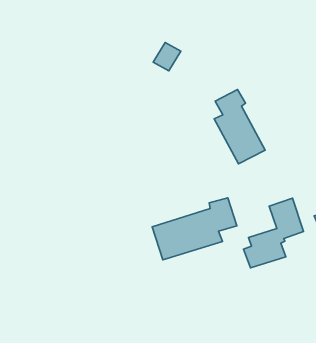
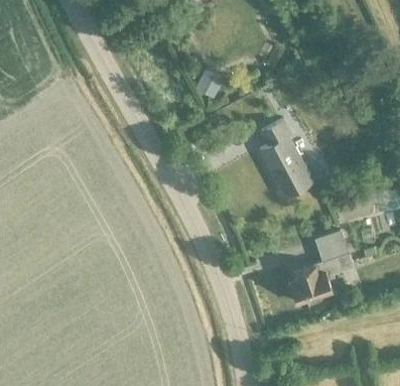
building: [152,198,237,260] -> none

